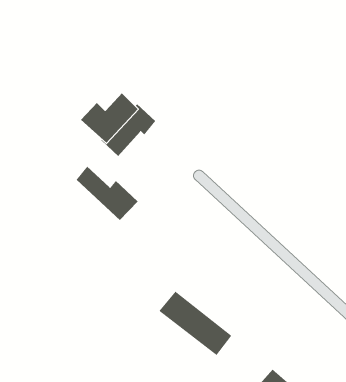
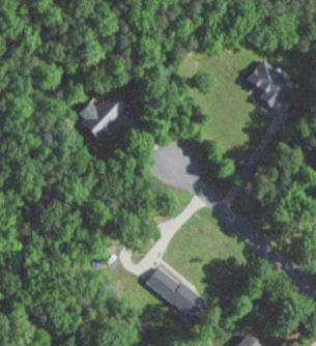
building: none -> [245,59,292,112]
building: [76,166,139,221] -> none

